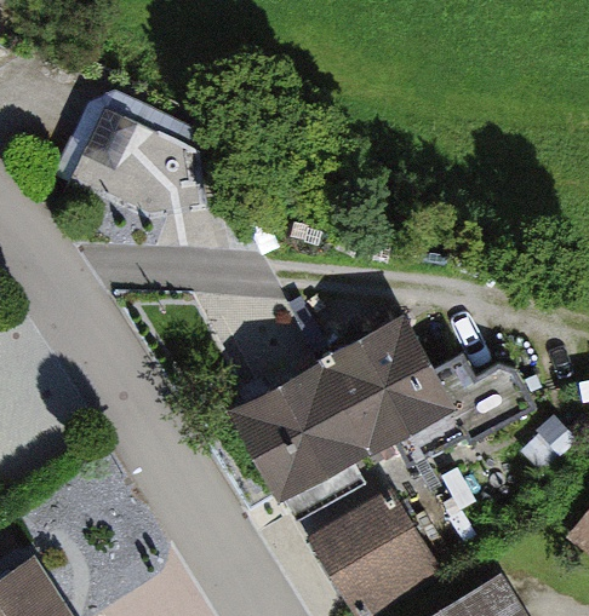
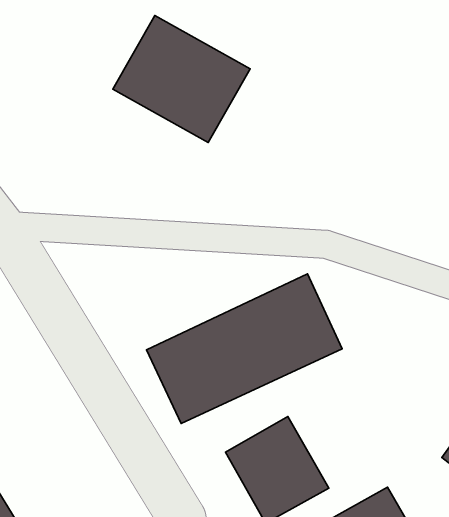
building: [61,79,223,229] -> [113,16,250,143]

